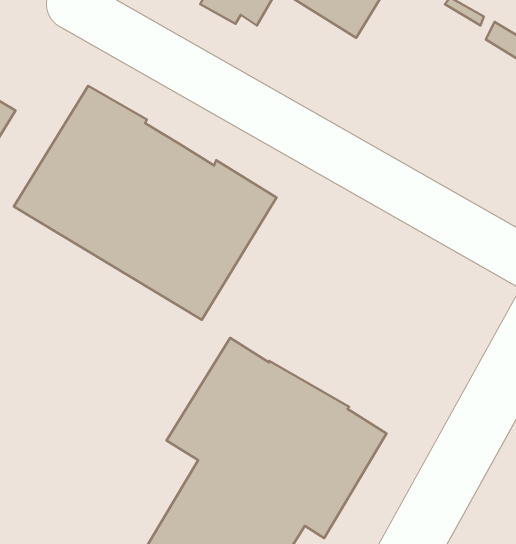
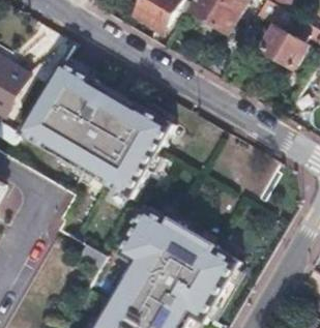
building: none -> [259,27,307,69]

